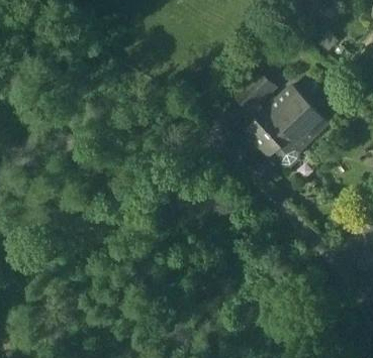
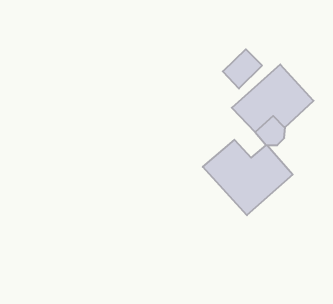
building: none -> [203,140,293,215]

